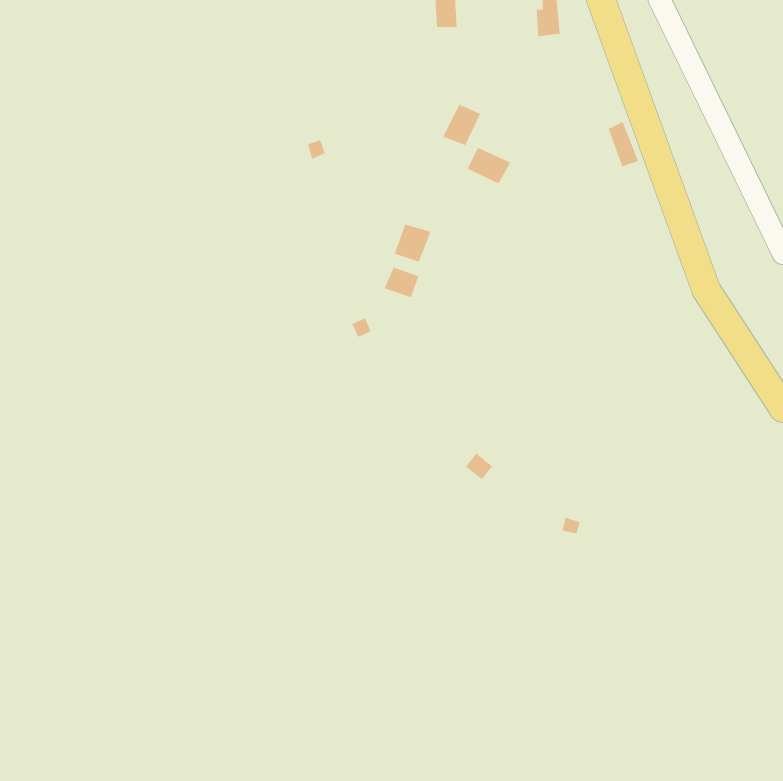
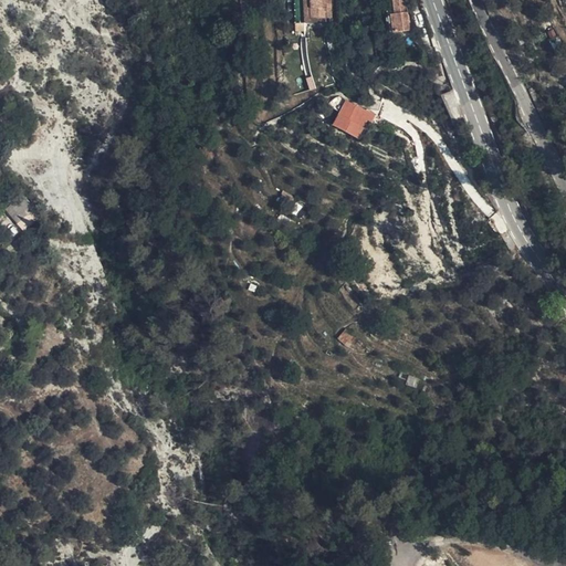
building: [442,104,481,146] -> none
building: [394,224,431,263] -> none

